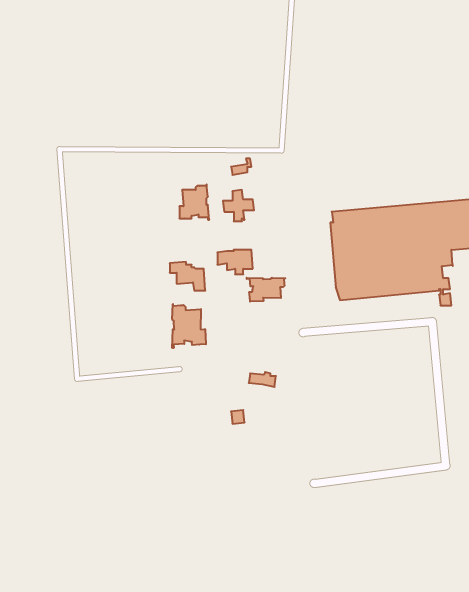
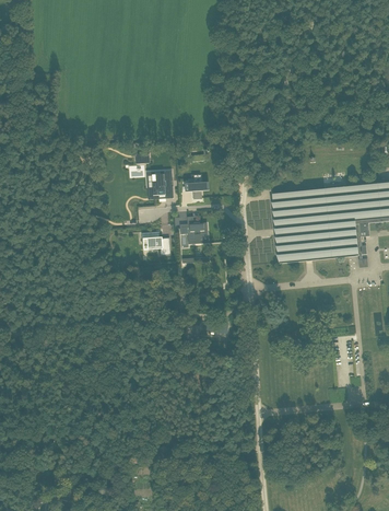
building: [247,278,285,302] -> none
building: [172,304,206,348] -> none

